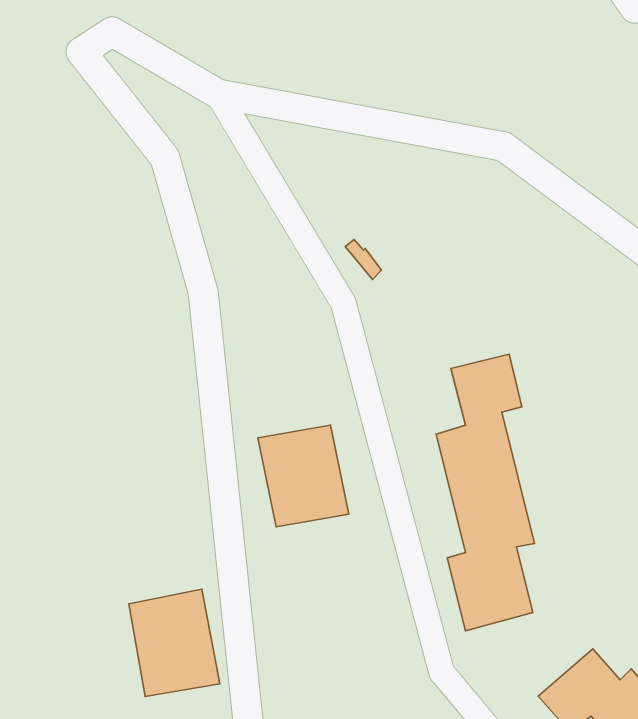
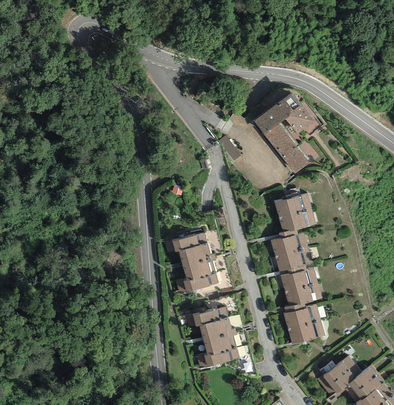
building: none -> [252,86,322,170]
building: [129,589,220,697] -> [184,304,234,363]

